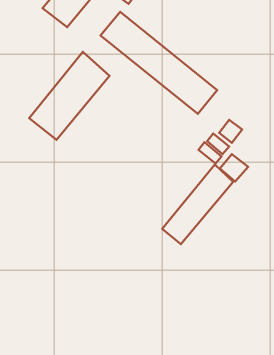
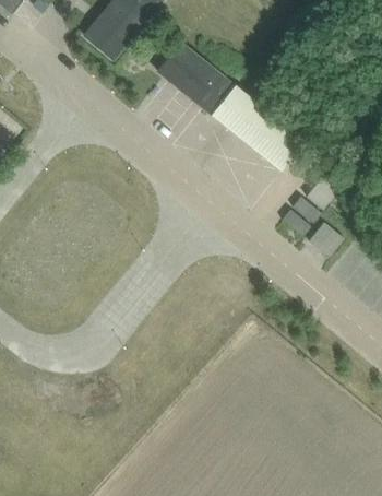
building: [29,52,109,140] -> none
building: [162,165,233,244] -> none

